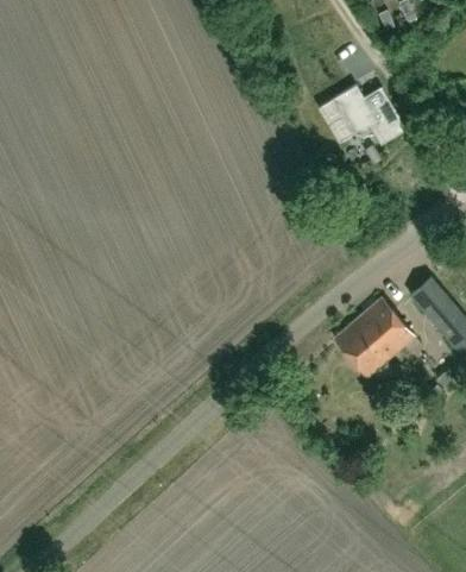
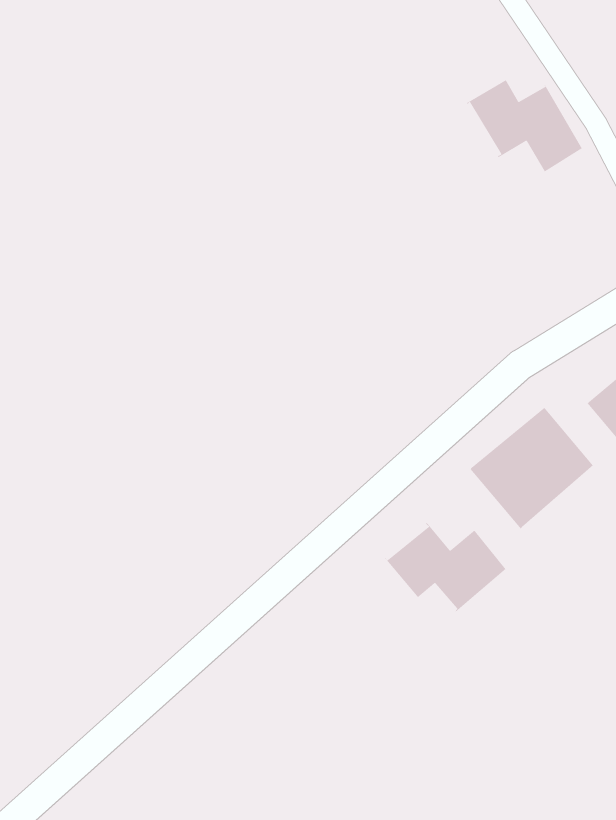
building: none -> [384,522,507,612]

